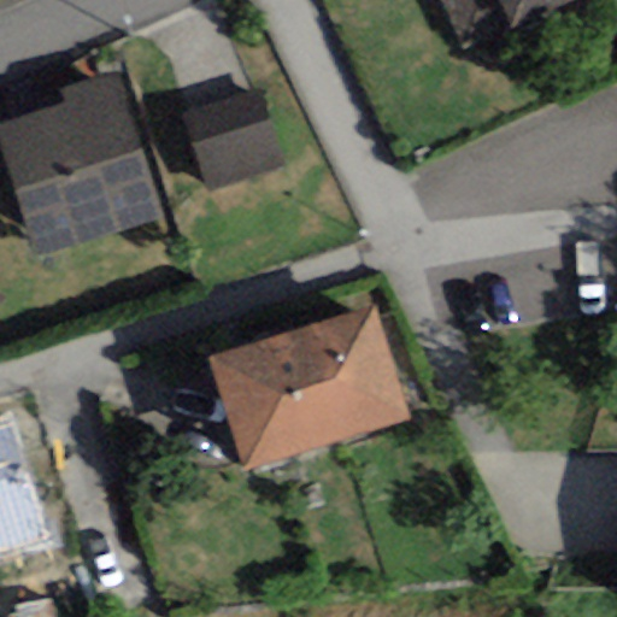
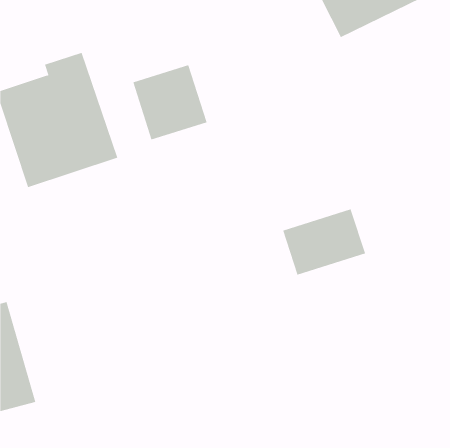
building: none -> [283,209,366,275]
building: [206,304,409,466] -> none

